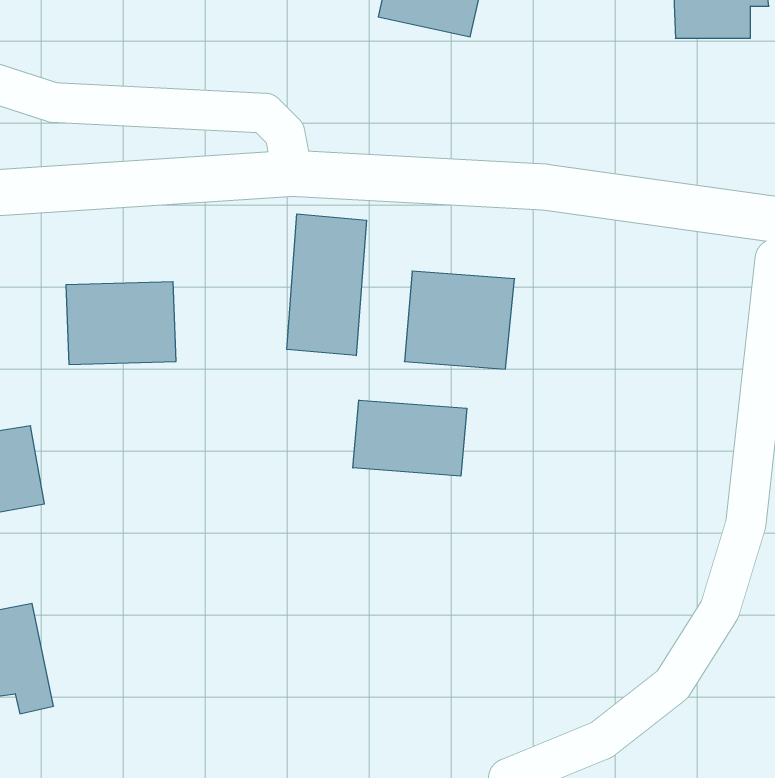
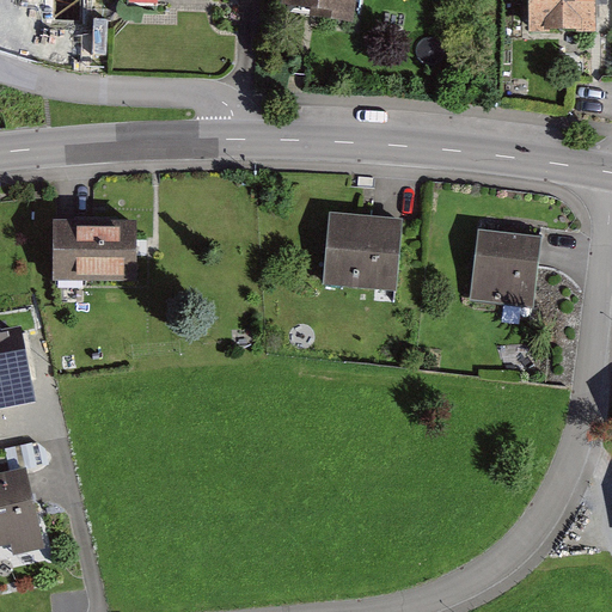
building: [287,214,366,356] -> none
building: none -> [470,228,541,306]
building: [353,400,467,476] -> none

